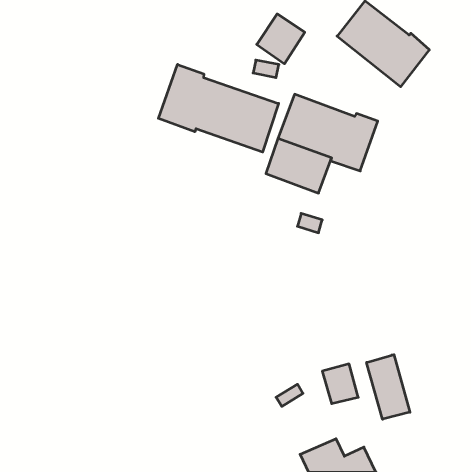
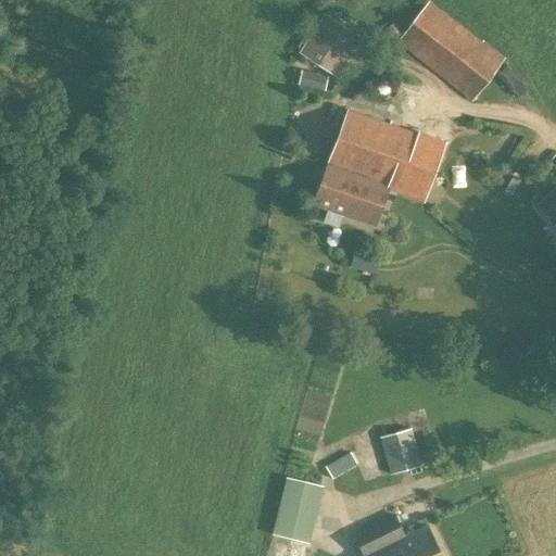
building: [158,64,279,152] -> none
building: [367,355,410,419] -> none
building: none -> [273,477,325,543]

